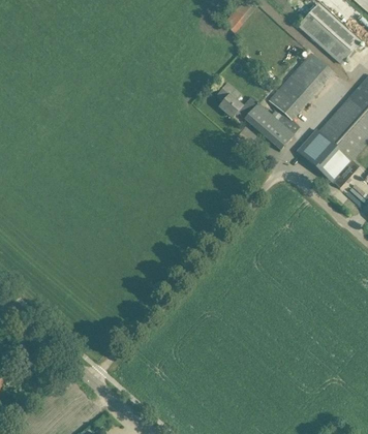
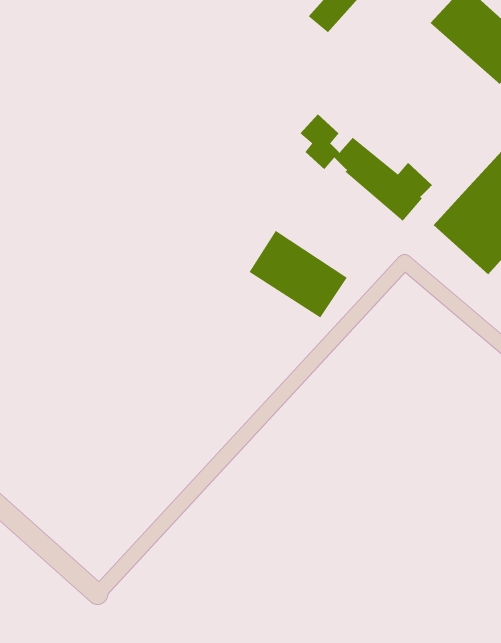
building: [269,52,336,120] -> none
building: none -> [249,230,348,318]

